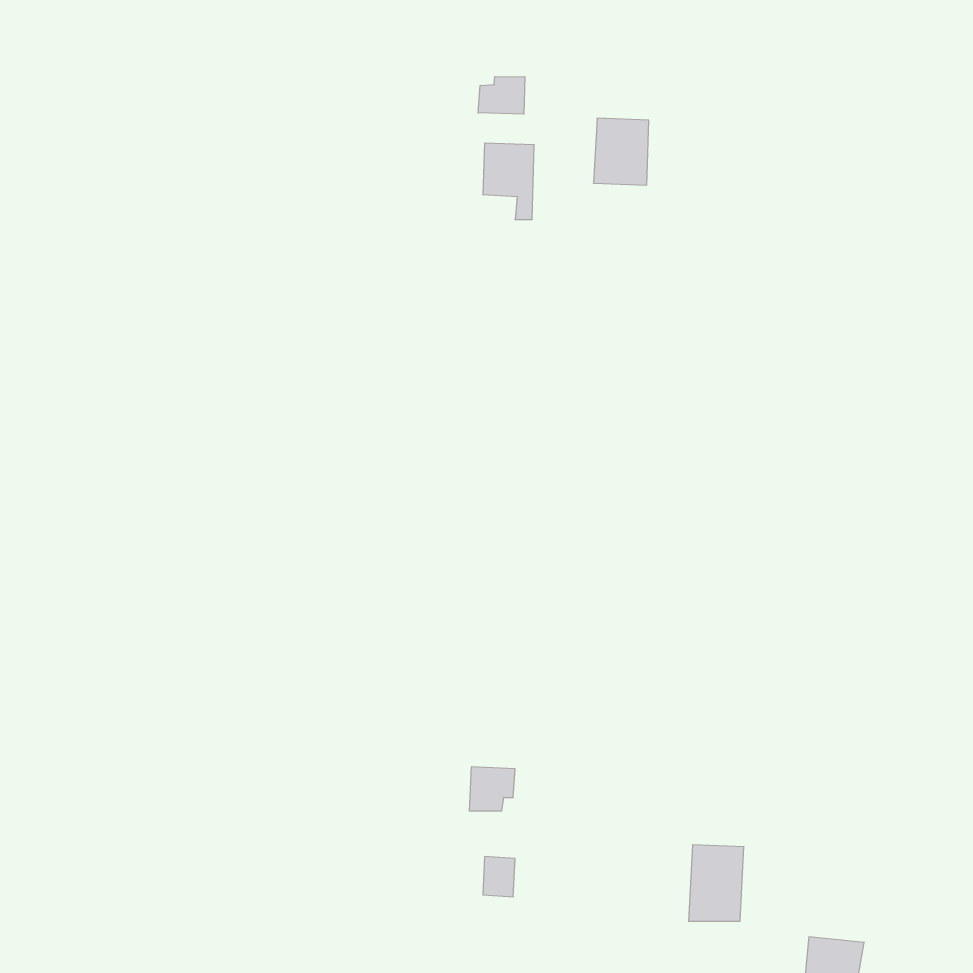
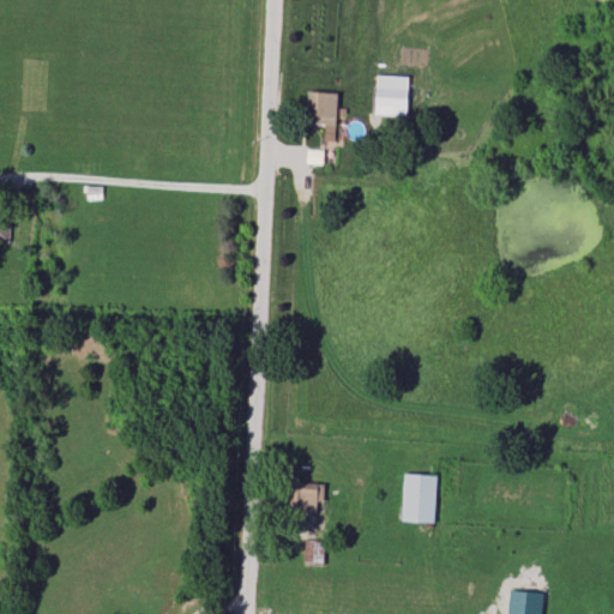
building: [478,77,525,114] -> none
building: [689,845,744,921] -> [402,475,437,523]

